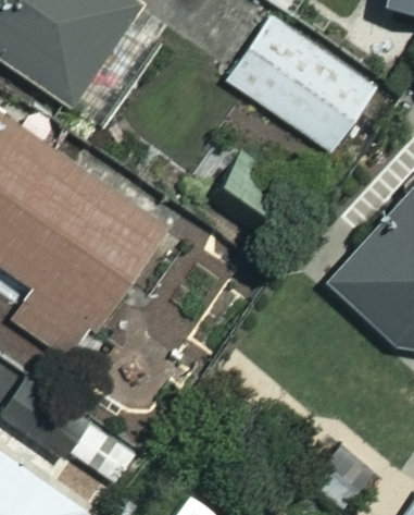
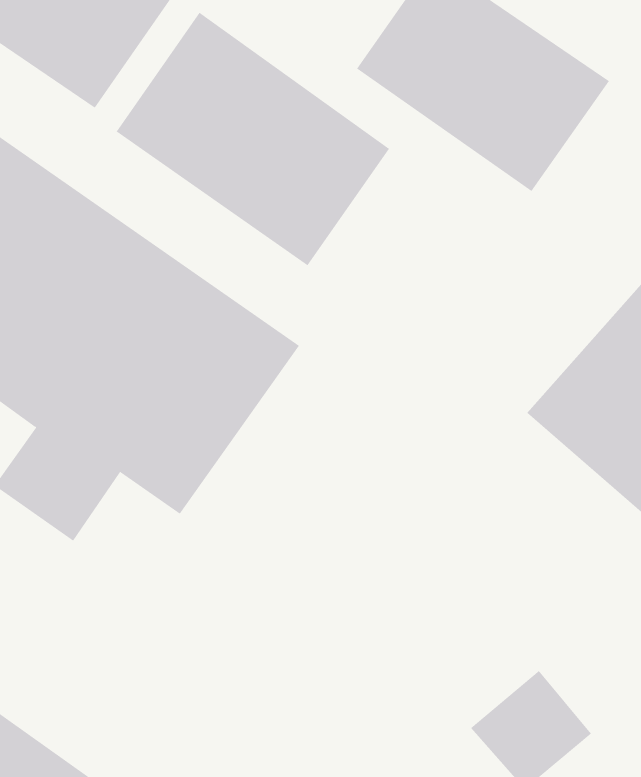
building: none -> [116,12,390,266]

